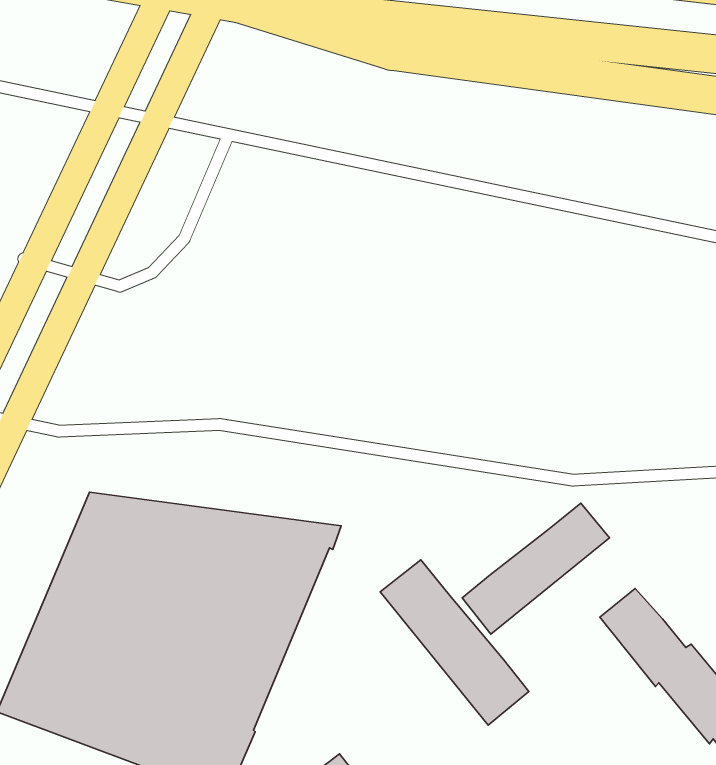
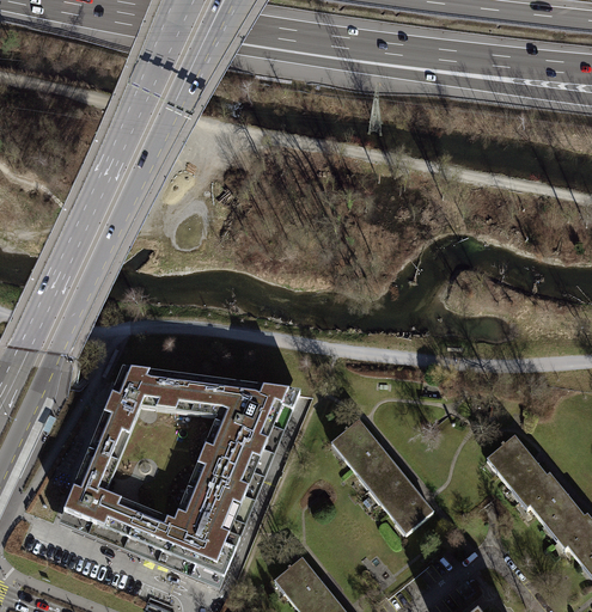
building: [462,503,610,634] -> none

